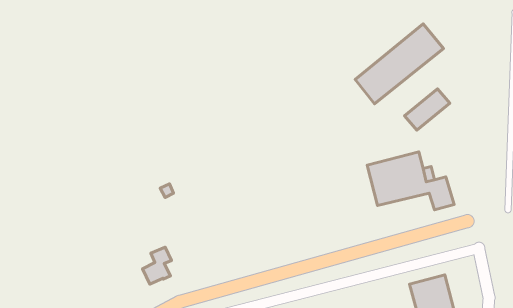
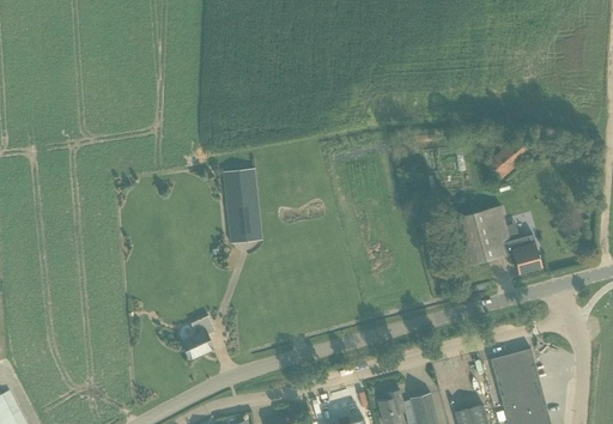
building: [355,24,443,104] -> none
building: none -> [221,169,262,246]

